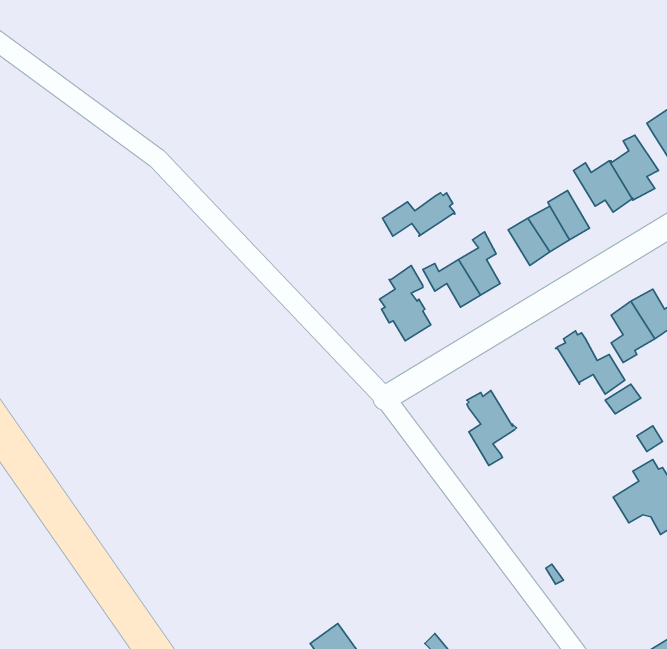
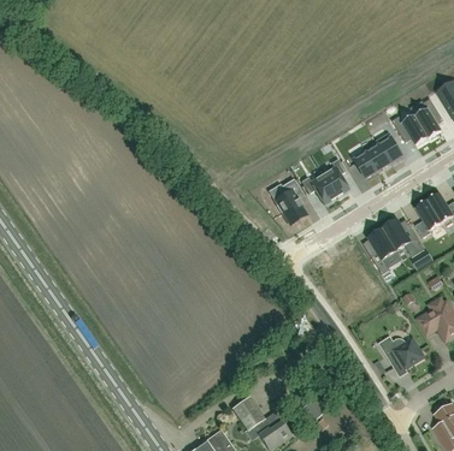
building: [383,193,455,236] -> none
building: [467,390,516,466] -> [368,229,399,274]
building: none -> [378,334,424,367]

